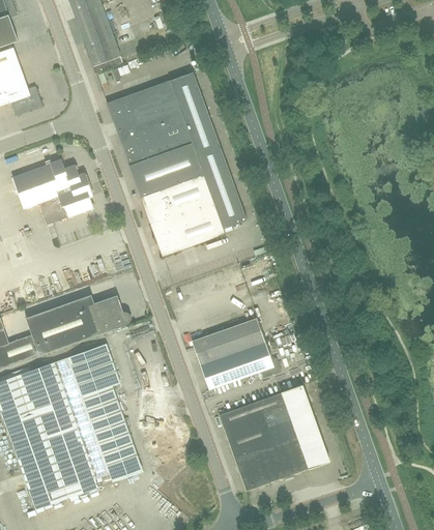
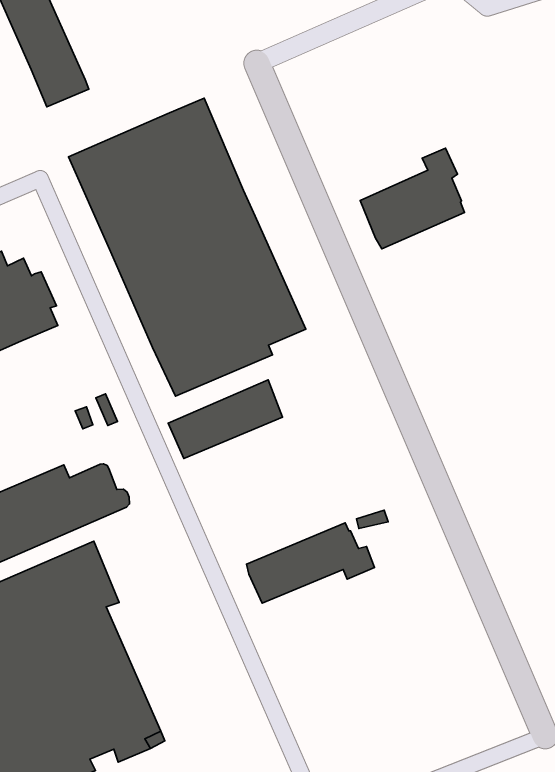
building: none -> [360,148,465,249]
building: [193,318,264,363] -> [168,380,282,459]
building: [220,384,329,490] -> none

